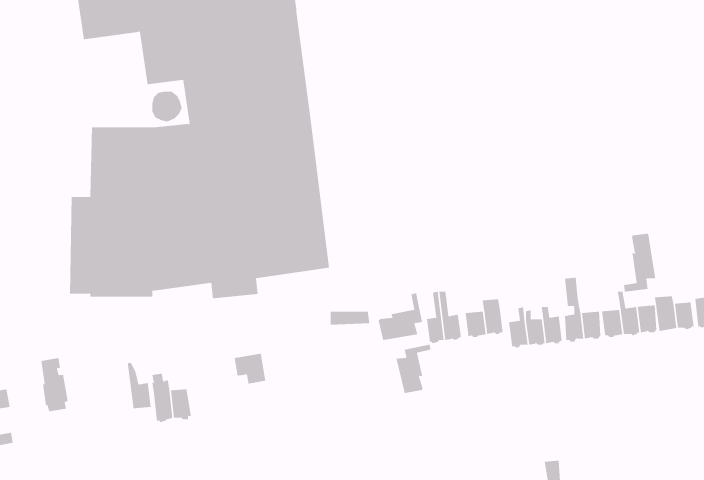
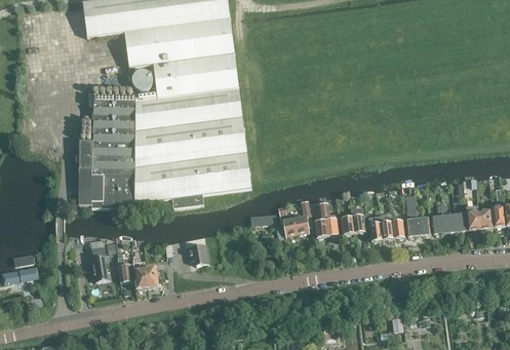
building: [624,233,656,293] -> none
building: [396,344,431,394] -> none
building: [41,358,69,412] -> [91,247,110,283]

